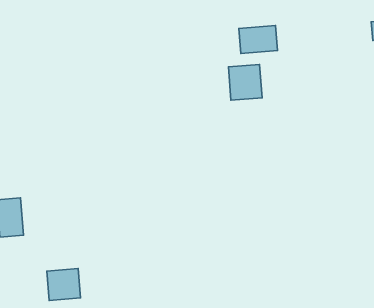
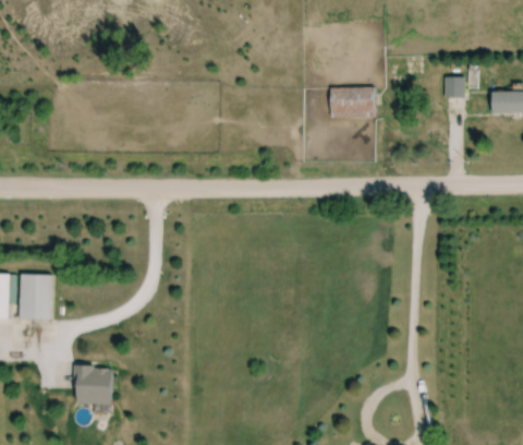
building: none -> [443,76,463,99]
building: [228,64,262,100] -> none

